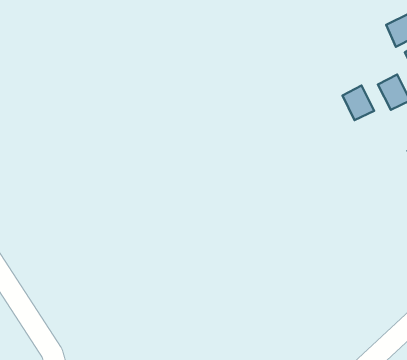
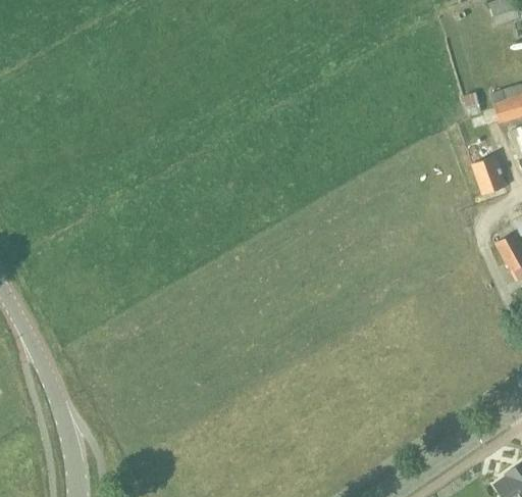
building: [343,86,374,120] -> none

